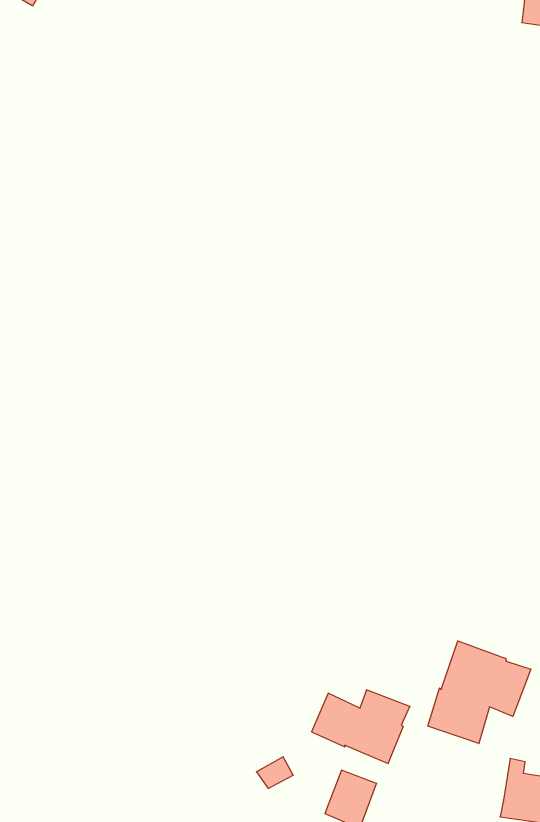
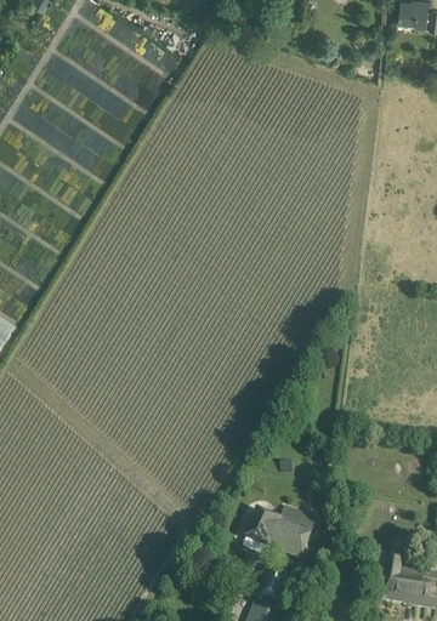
building: [428,641,531,744] -> none

